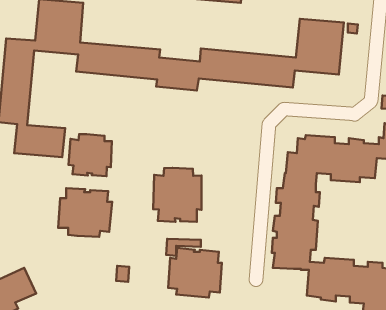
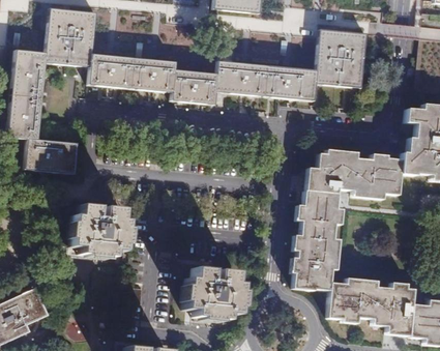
building: [69,134,112,176] -> none
building: [153,168,202,222] -> none

